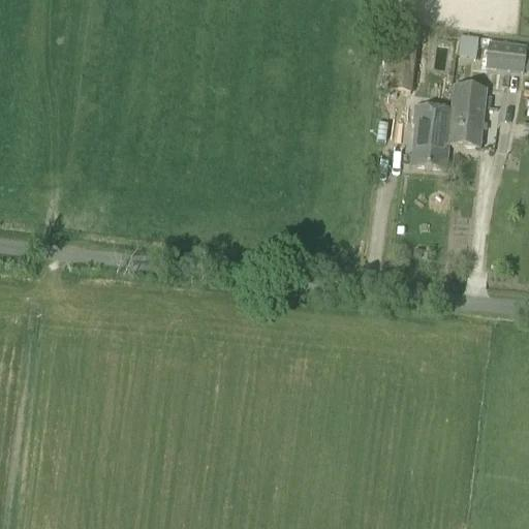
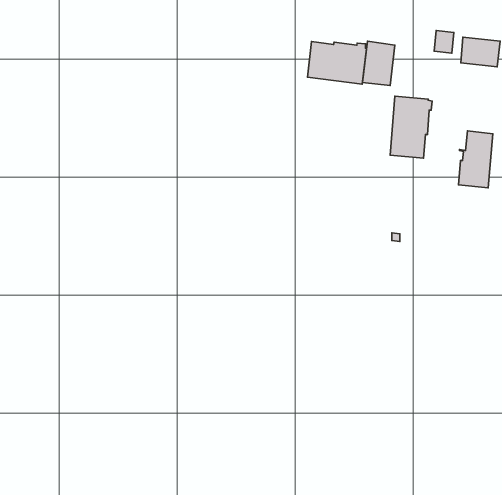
building: none -> [307,42,367,84]
building: [449,85,486,145] -> [459,131,493,188]

